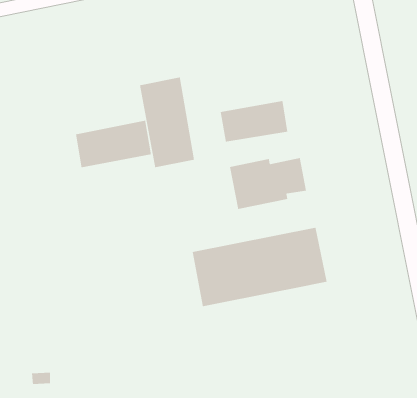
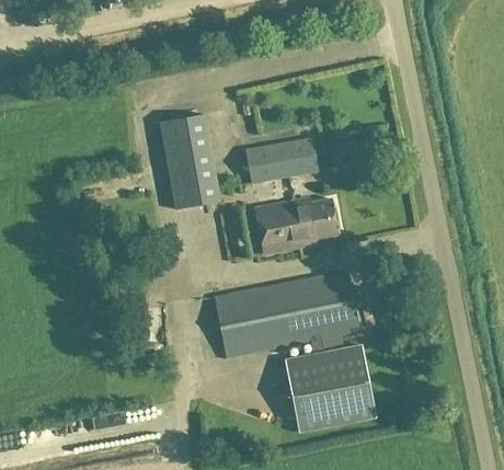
building: [75,120,152,168] -> none
building: none -> [285,336,376,431]

